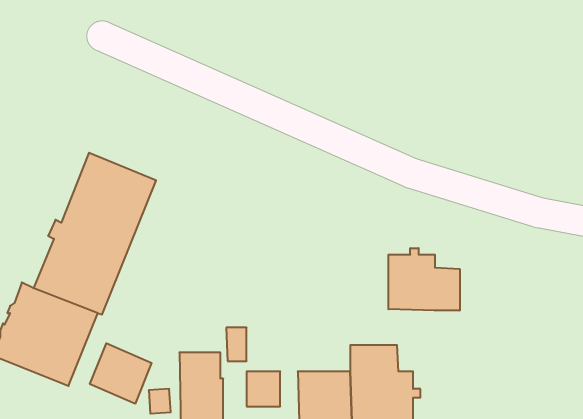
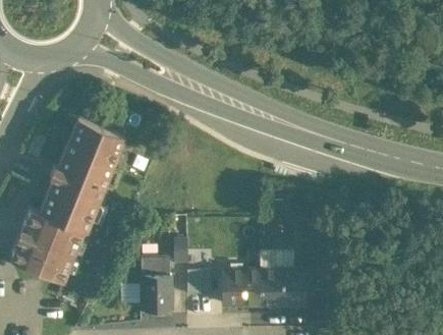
building: [388,248,460,311] -> none
building: [90,343,152,404] -> none

